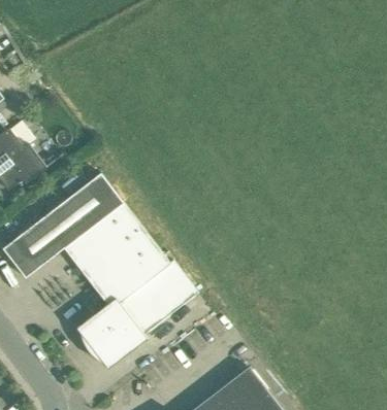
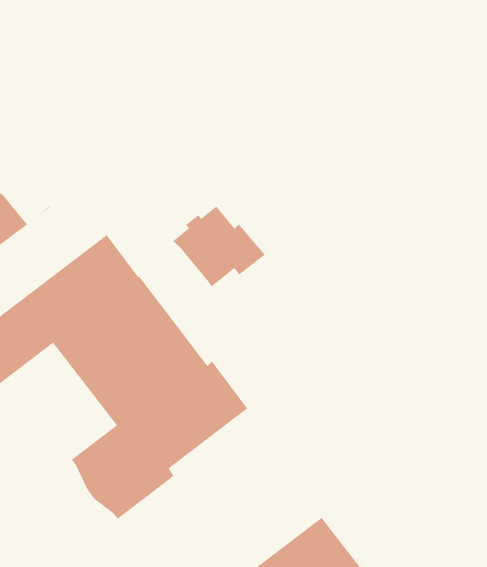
building: none -> [173,205,286,287]

